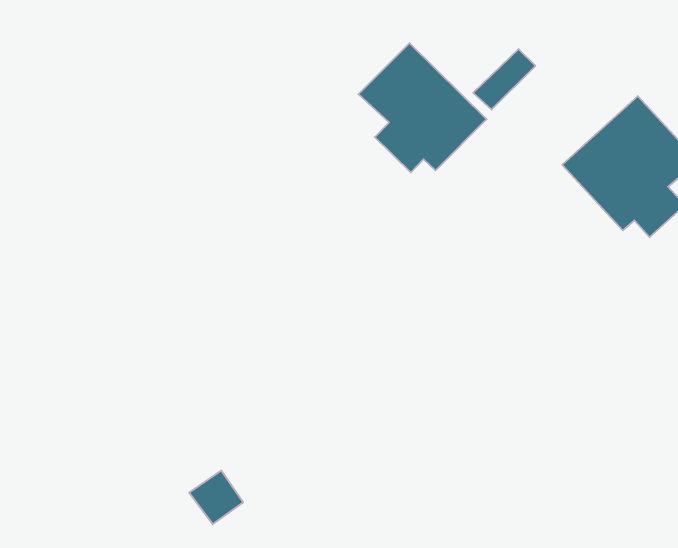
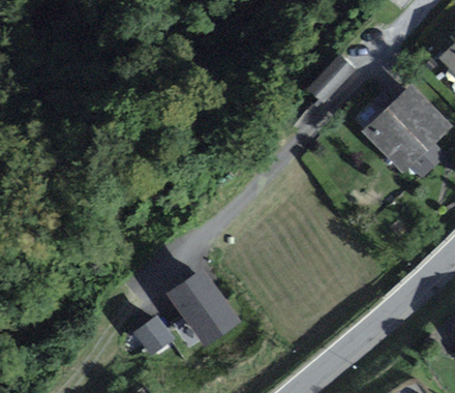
building: [358,43,487,172] -> none
building: none -> [170,271,235,342]

